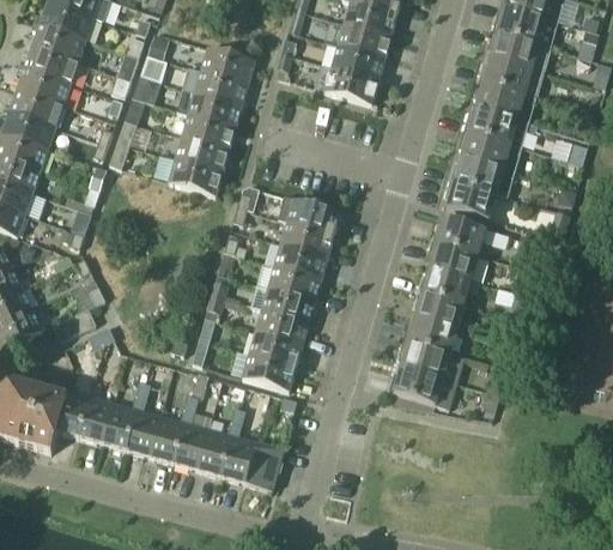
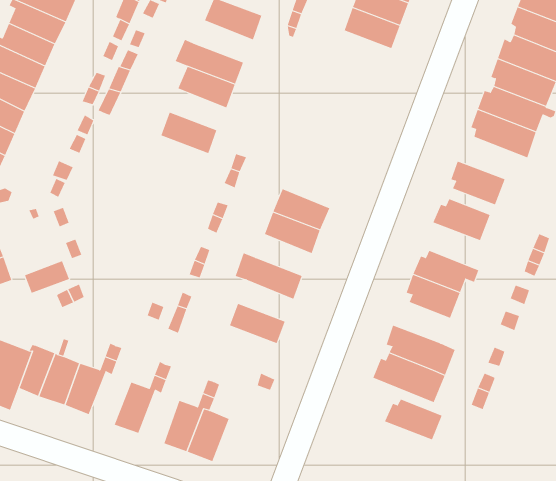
building: [321,65,378,103] -> none
building: [194,69,248,105] -> none
building: [175,135,229,171] -> none
building: [449,156,515,195] -> none
building: [278,195,340,235] -> none
building: [426,240,478,278] -> none
building: [268,265,321,301] -> none
building: [255,309,308,345] -> none
building: [402,316,456,352] -> [384,399,442,440]
building: [231,350,296,389] -> none
building: [126,407,162,457] -> none
building: [174,421,208,470] -> none
building: [245,441,283,490] -> none

